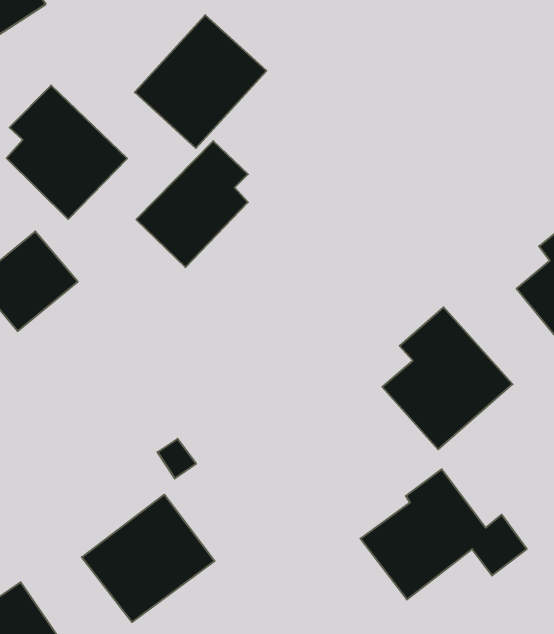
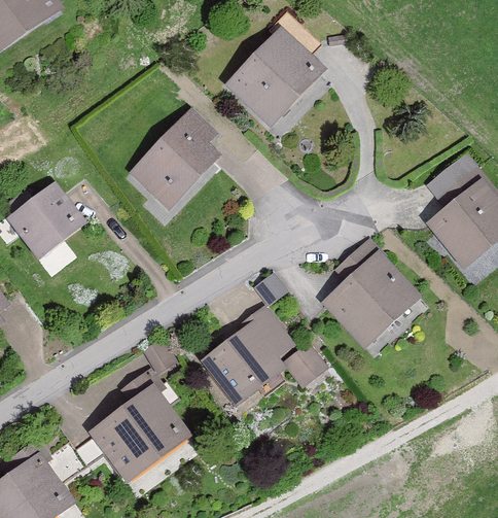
building: [135,15,266,148] -> [225,26,327,129]
building: [7,85,127,219] -> none
building: [360,469,527,600] -> [202,305,330,406]

